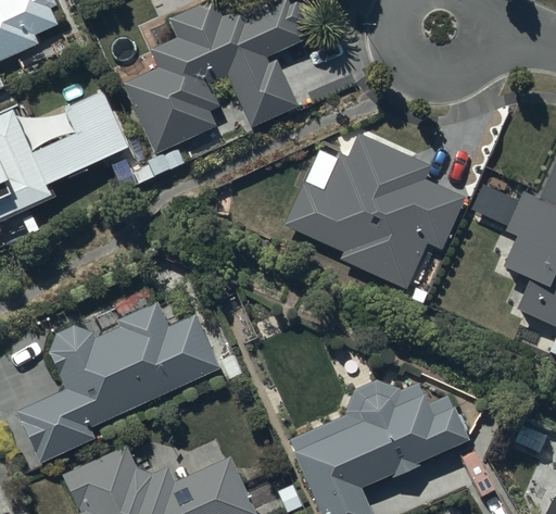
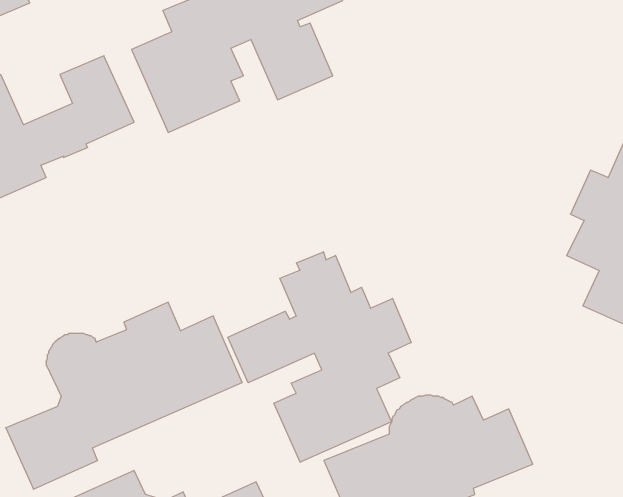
building: [285,134,465,289] -> none
building: none -> [228,252,411,462]

